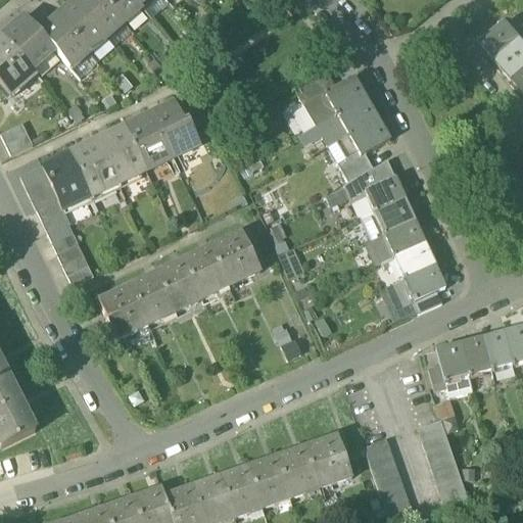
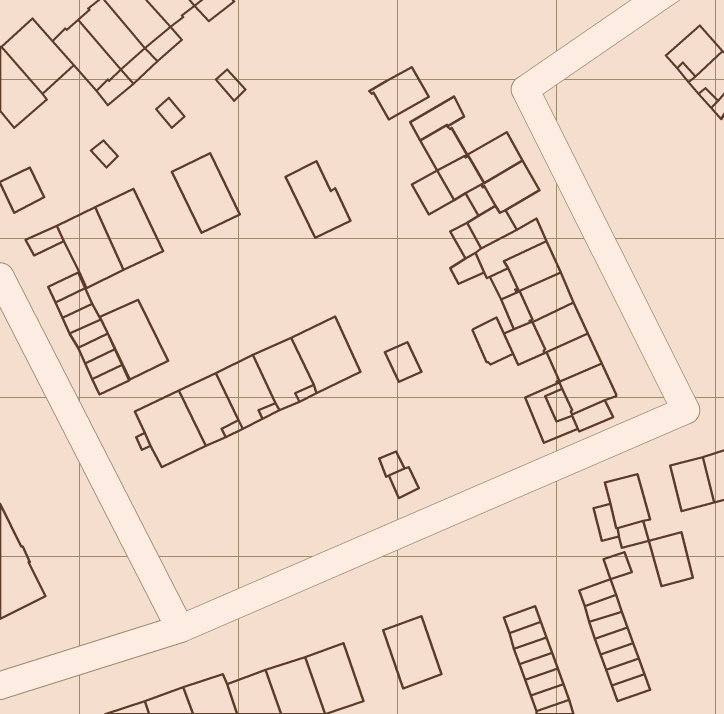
building: [323,74,366,111] -> [369,67,429,120]
building: [152,99,199,154] -> [285,161,351,238]
building: [97,124,146,181] -> [100,300,168,379]
building: [26,174,58,206] -> none
building: none -> [472,317,513,365]
building: [460,335,491,374] -> [649,532,693,586]
building: [304,432,352,485] -> none
building: [248,454,291,505] -> none

